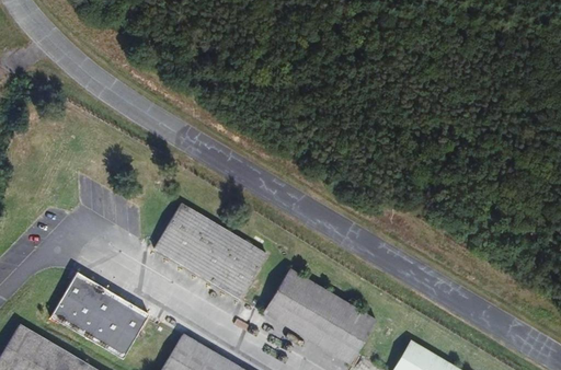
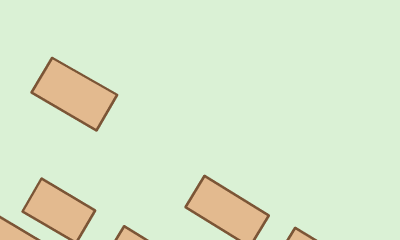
building: [153,204,267,300] -> [31,58,117,130]

